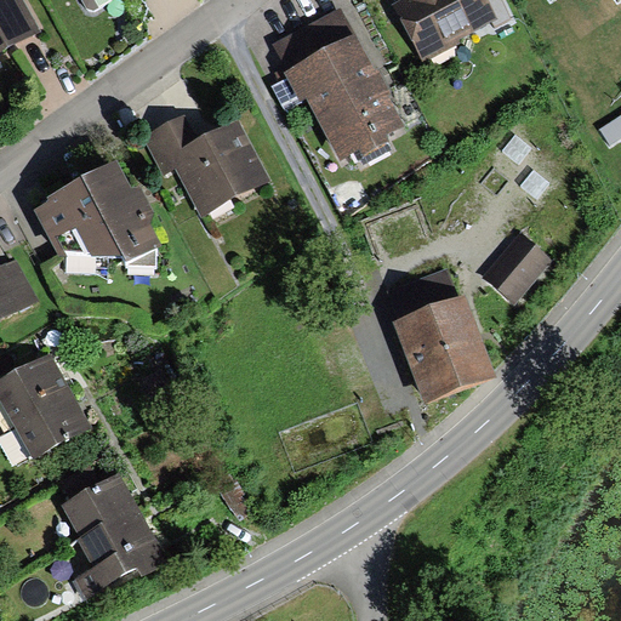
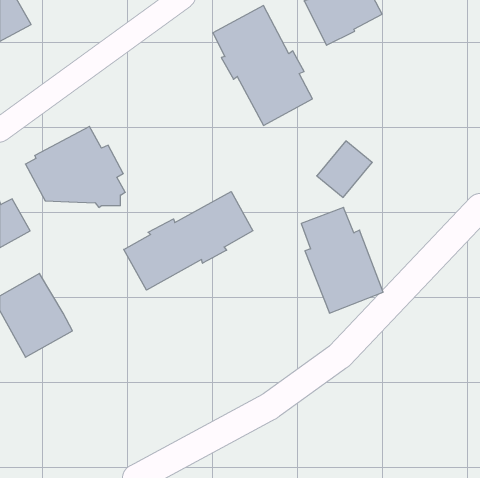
building: [142,113,272,216] -> none
building: [480,230,552,303] -> [317,141,372,197]
building: none -> [124,192,253,290]
building: [59,467,169,596] -> none

